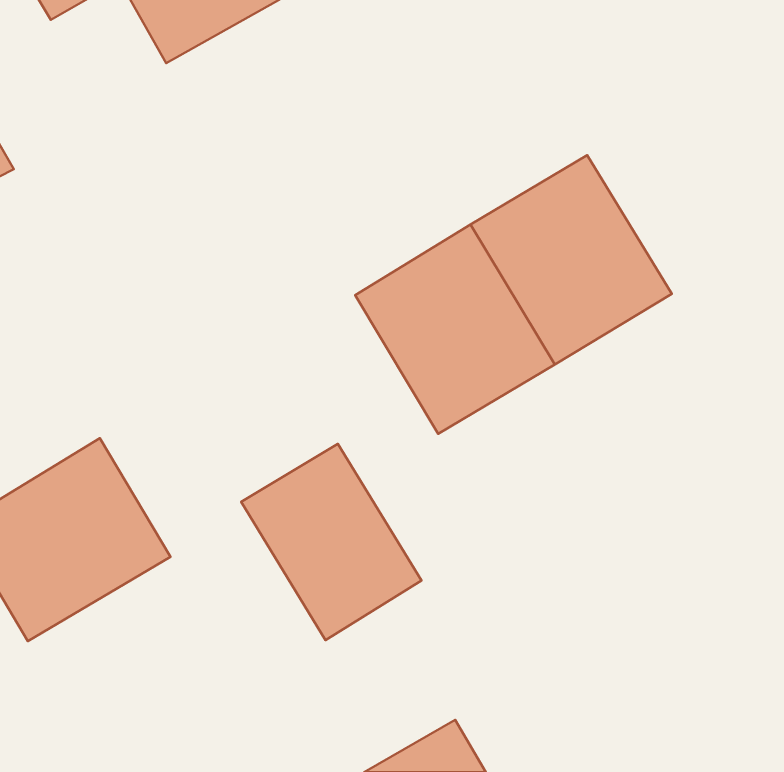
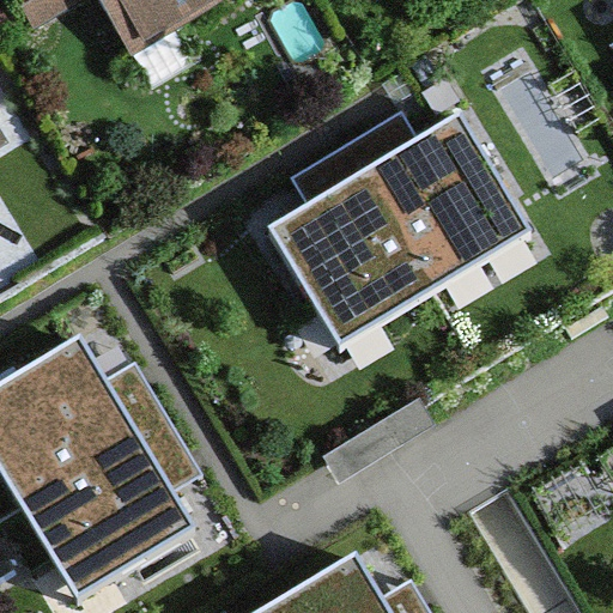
building: [241,444,421,640] -> none
building: none -> [22,433,188,591]

